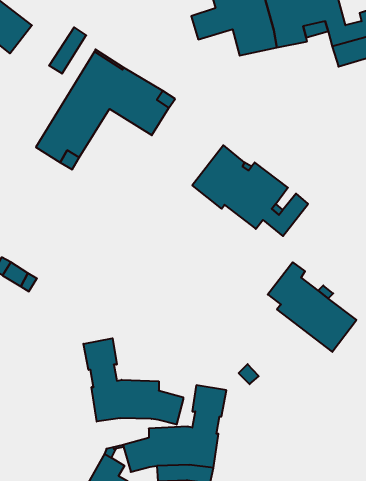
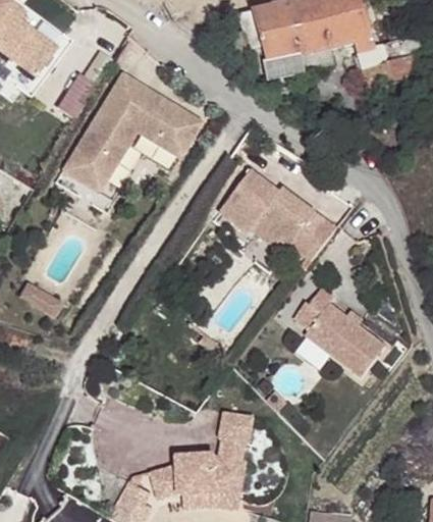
building: [83,338,183,425] -> none

